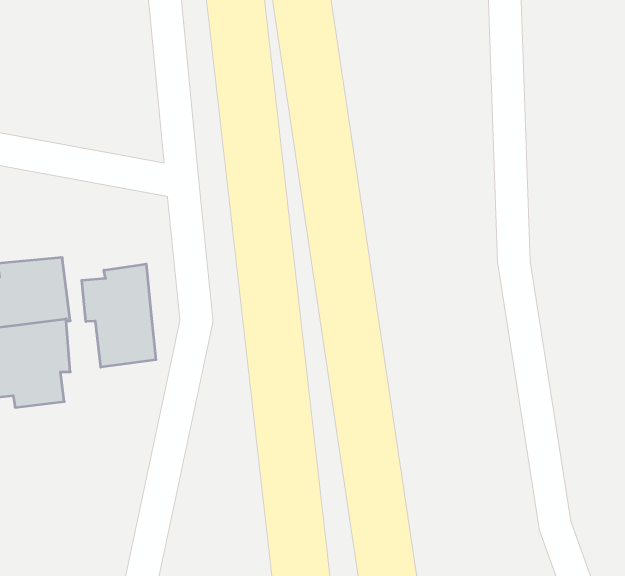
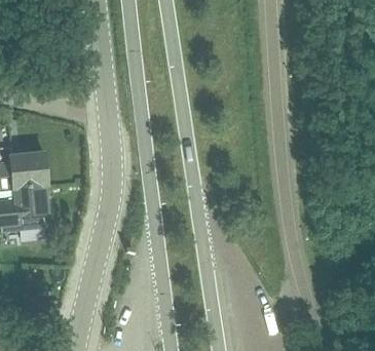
building: [82,264,156,367] -> none

